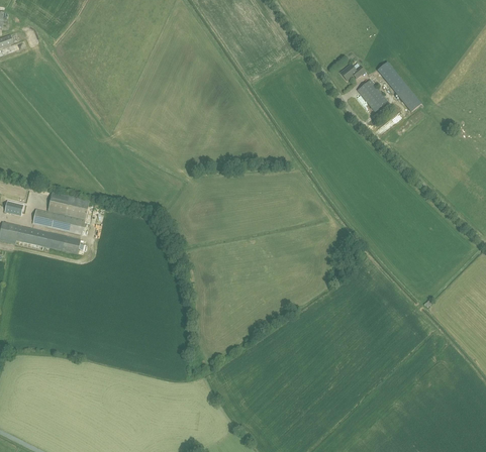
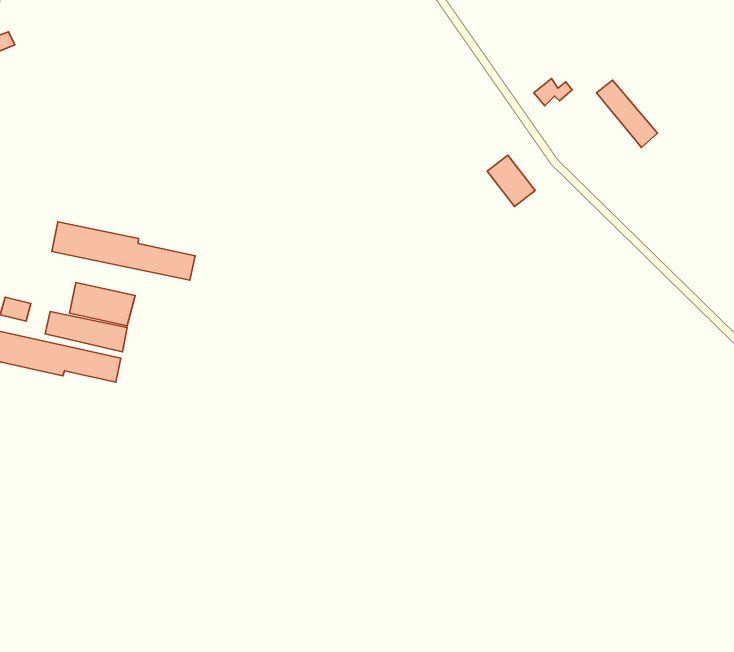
building: [357,79,387,111] -> [487,155,535,206]
building: none -> [52,222,195,280]

